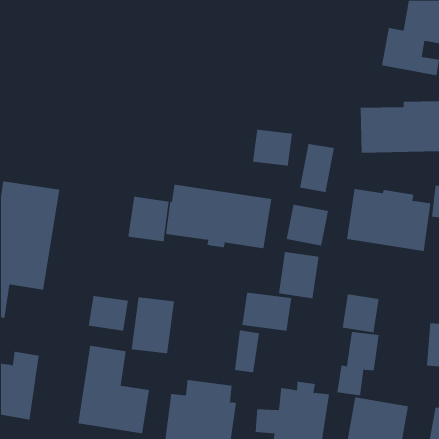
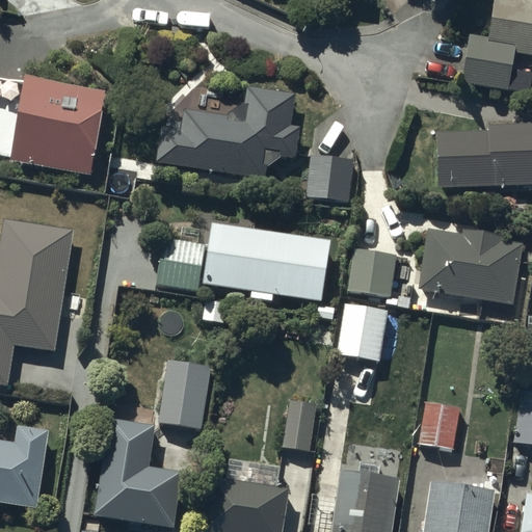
building: none -> [8,75,107,175]
building: none -> [155,86,298,179]
building: [300,143,334,193] -> none
building: [242,292,292,331] -> none
building: [342,294,379,333] -> none
building: [88,295,128,331] -> none

